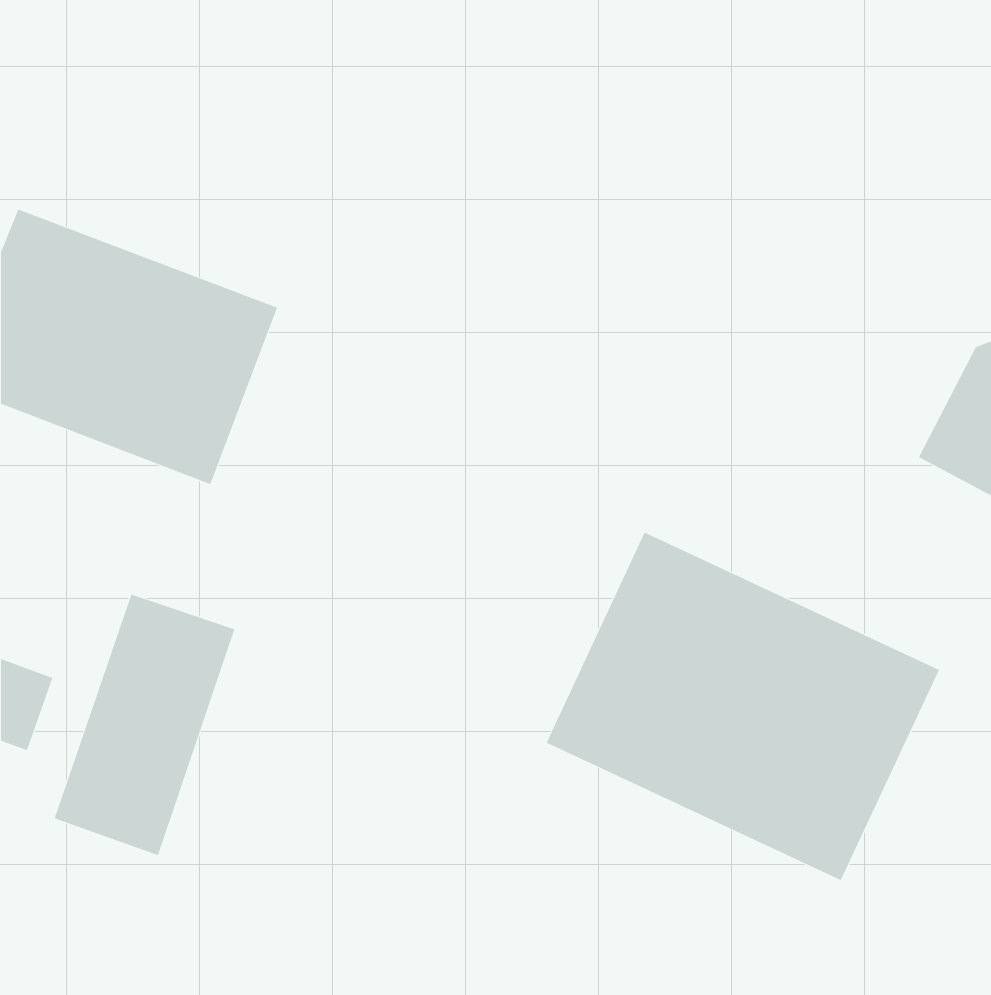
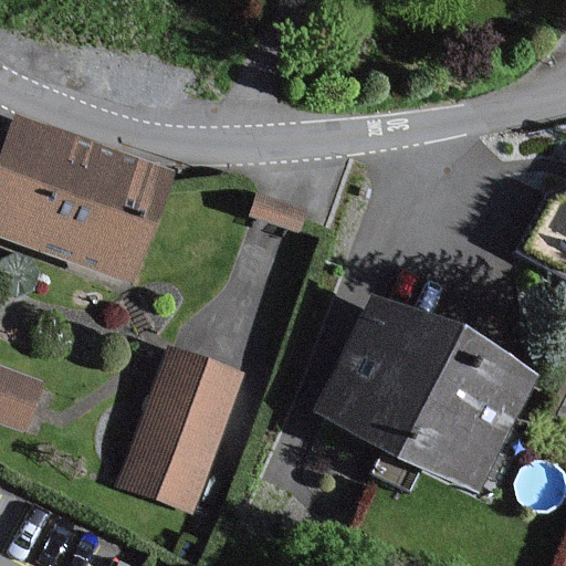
building: [54,594,235,856] -> [133,350,234,497]

